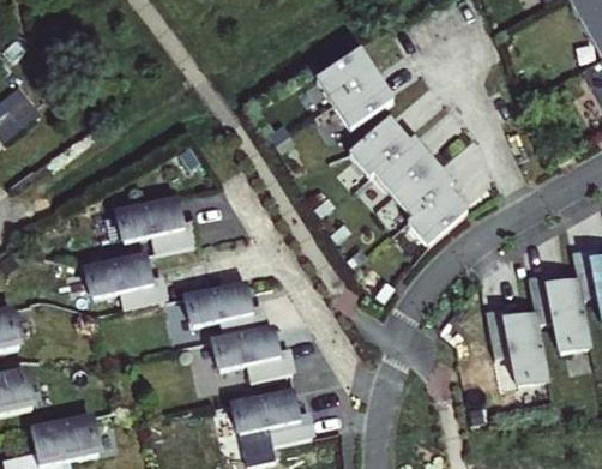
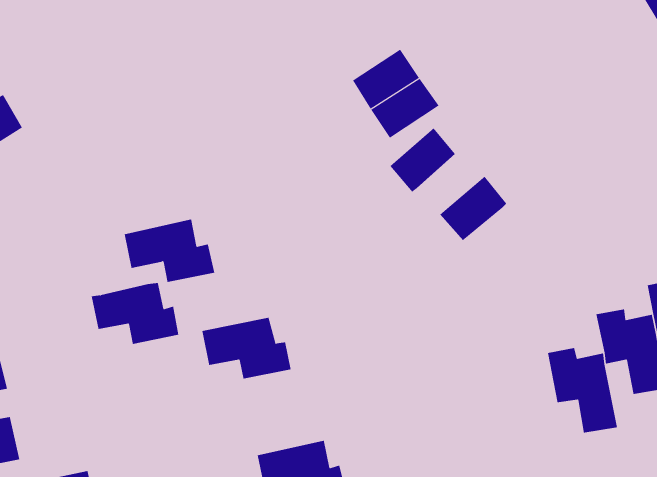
building: [374,137,433,193] -> none
building: [409,187,469,243] -> none
building: [215,325,293,379] -> none

